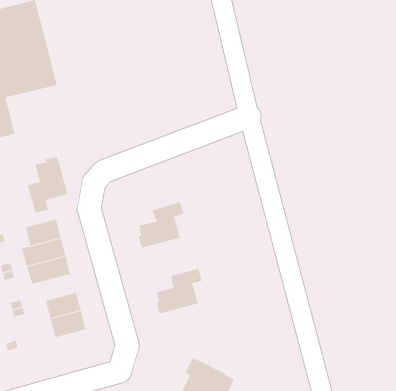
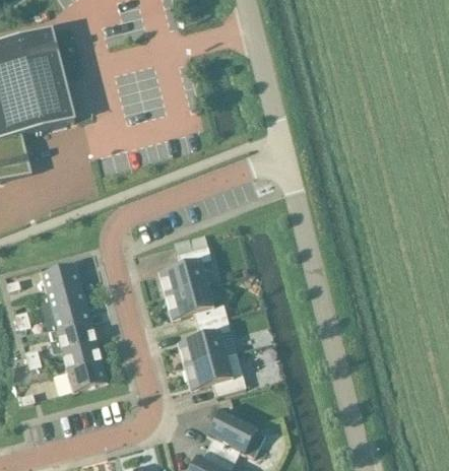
building: [27,156,68,213] -> none
building: none -> [166,282,227,323]
building: none -> [49,321,97,351]
building: none -> [185,352,246,394]

